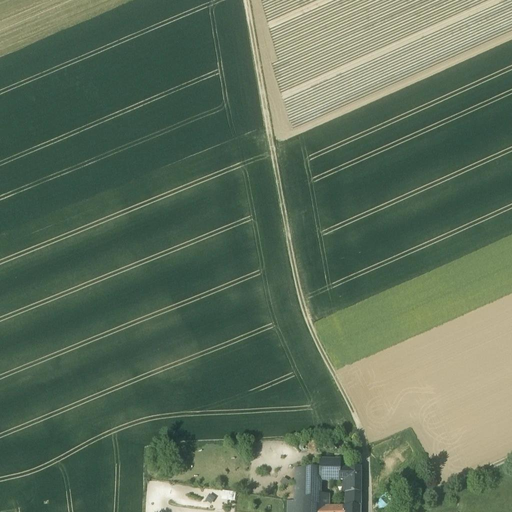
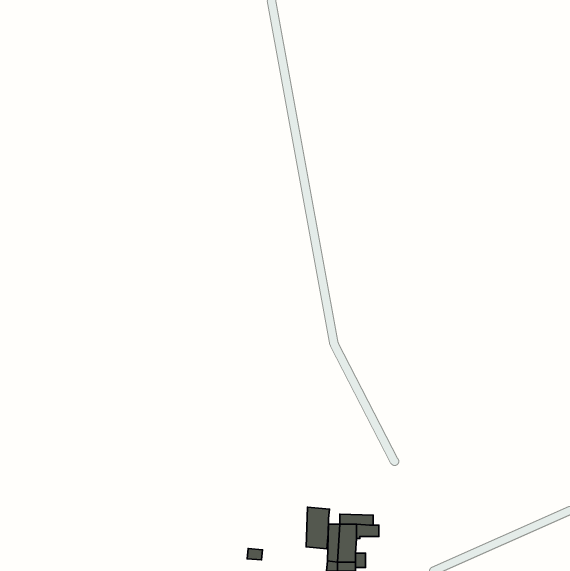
building: none -> [306,507,329,549]
building: [339,470,360,501] -> none

